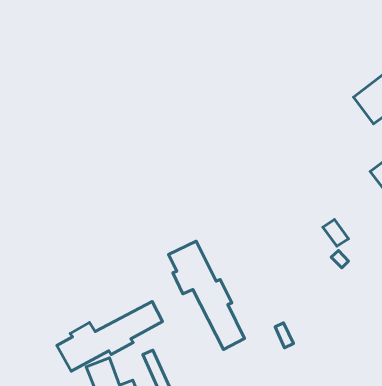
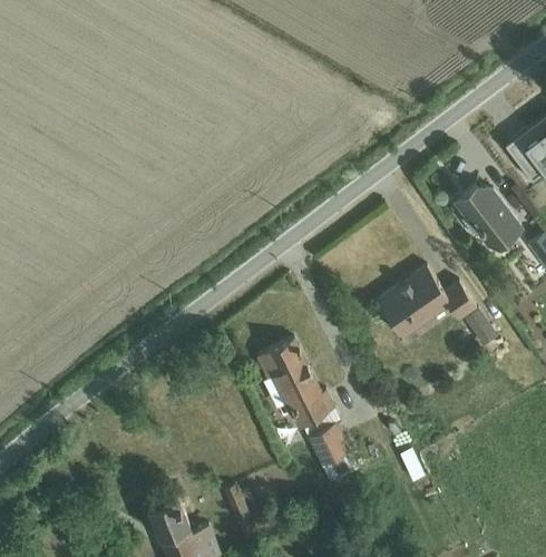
building: none -> [454,187,524,250]
building: none -> [378,267,477,340]
building: [57,301,162,371] -> none

